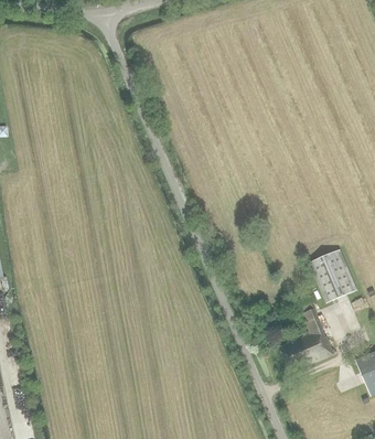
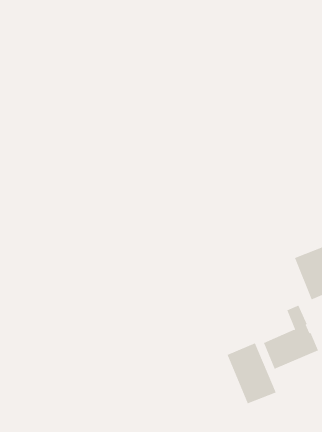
building: none -> [227,342,277,404]

